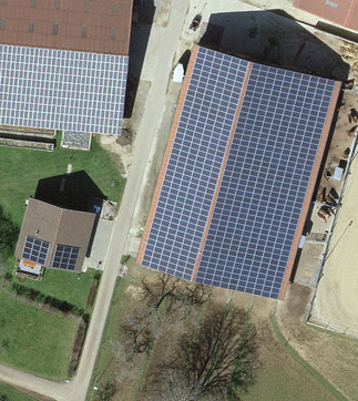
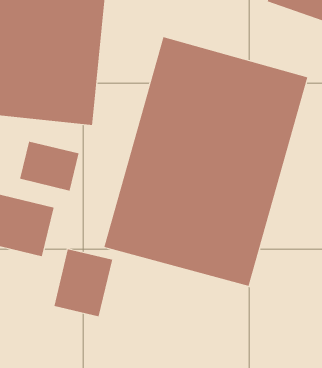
building: none -> [20,141,79,191]
building: none -> [54,249,113,317]

